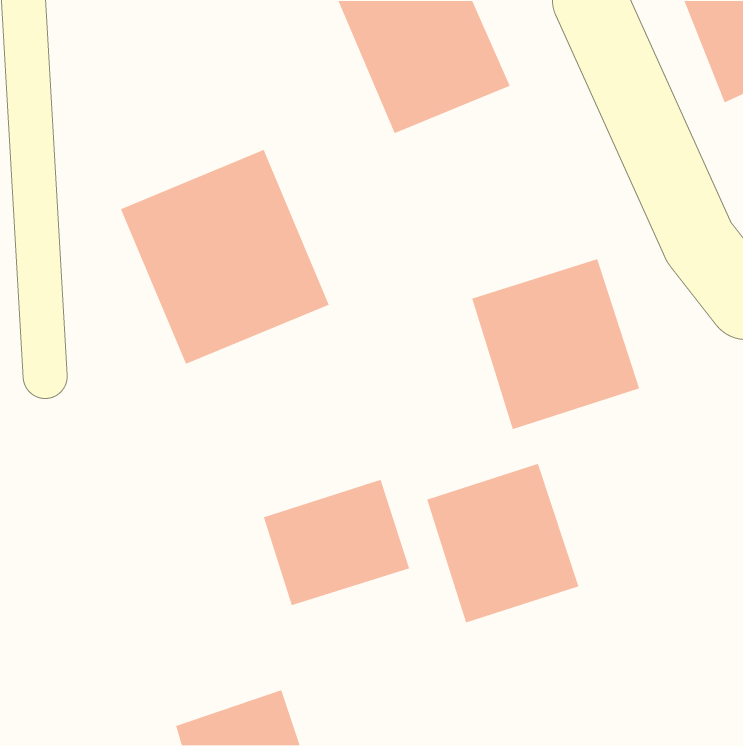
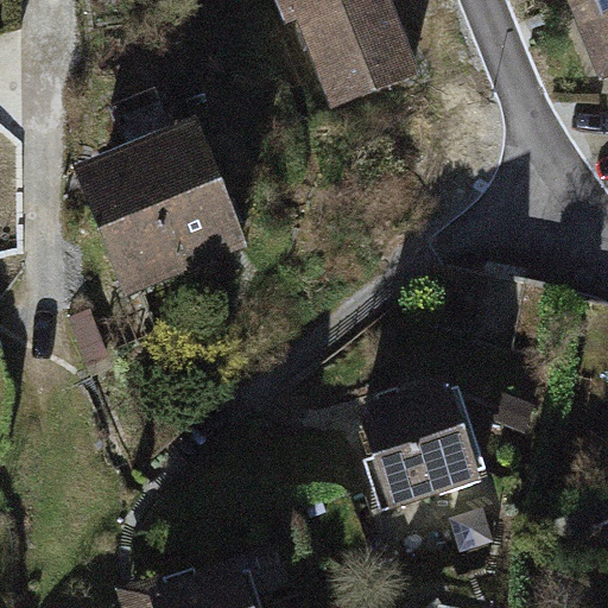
building: [471,258,640,430] -> none
building: [263,479,410,606] -> none

